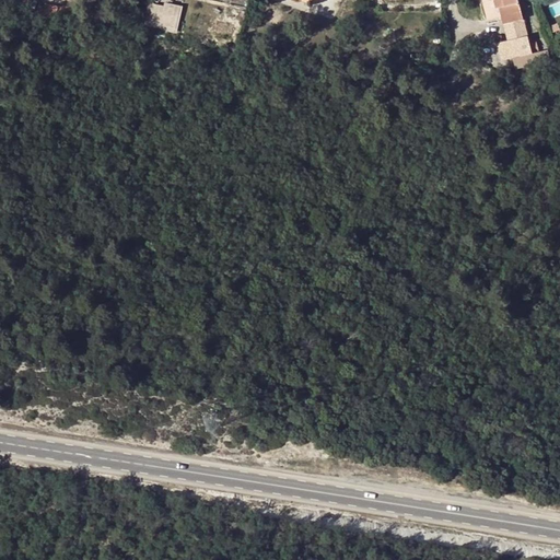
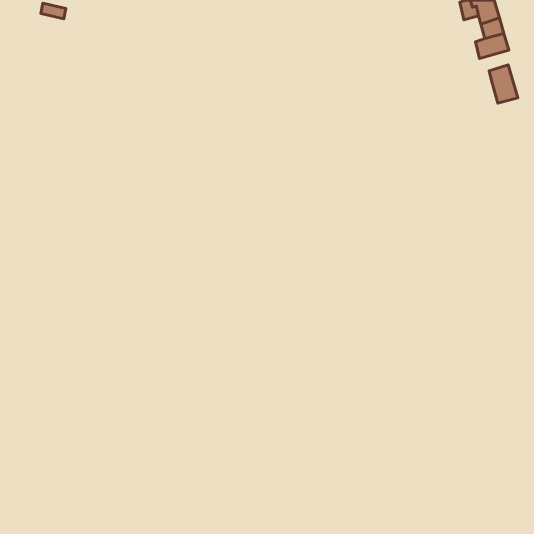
building: [147,4,180,28] -> none
building: none -> [489,65,518,103]

